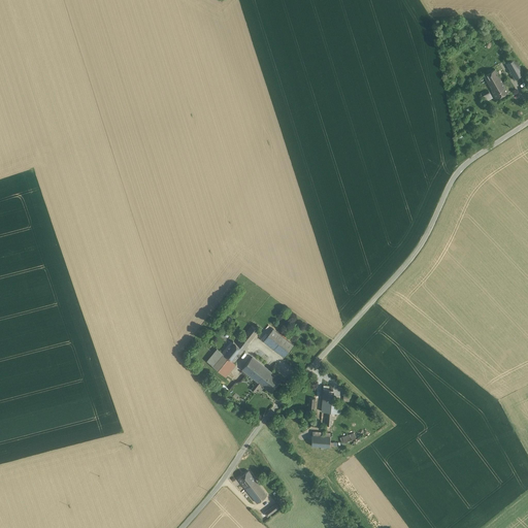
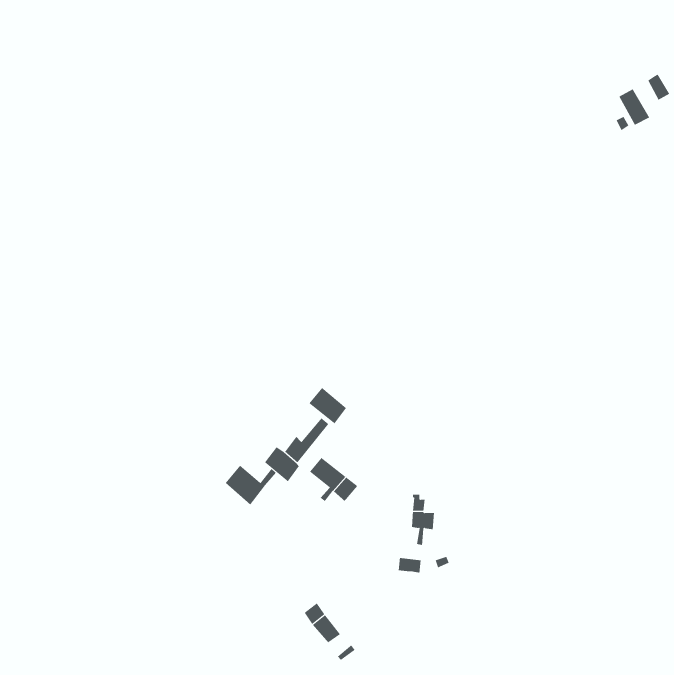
building: [262,328,292,357] -> [308,387,347,424]
building: none -> [225,465,277,505]

